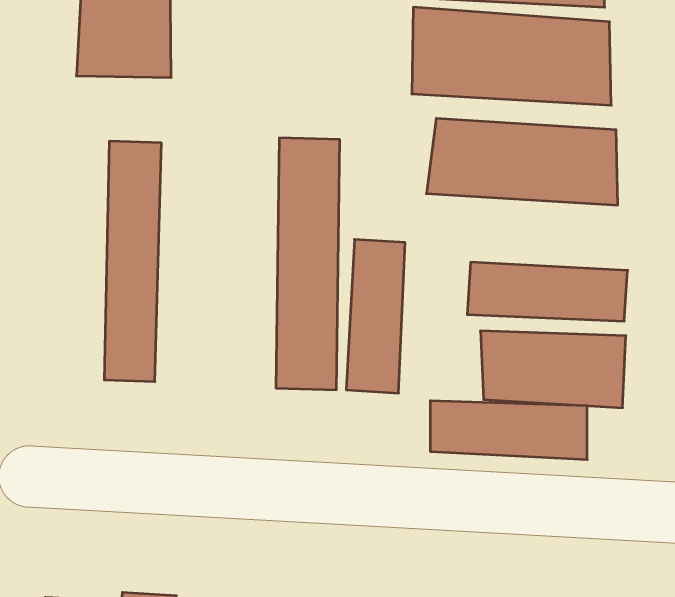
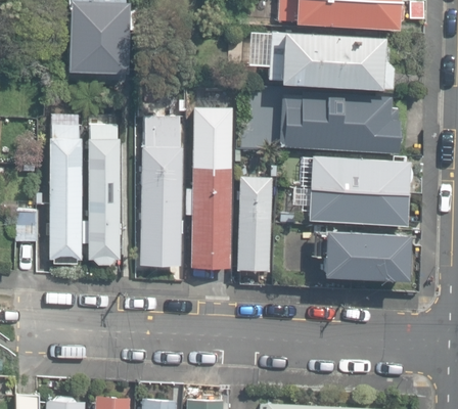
building: none -> [139,112,183,265]
building: none -> [50,115,84,265]
building: [430,401,587,460] -> [313,157,411,194]

